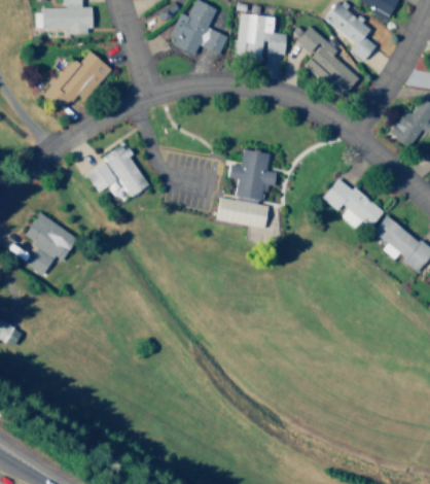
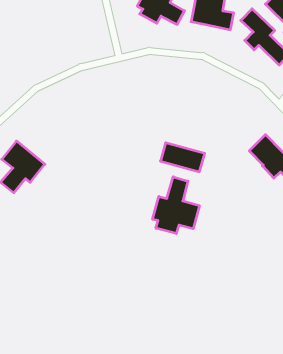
building: [44,50,111,110] -> none
building: [85,143,150,204] -> none
building: [228,149,275,200] -> none
building: none -> [153,177,199,234]

